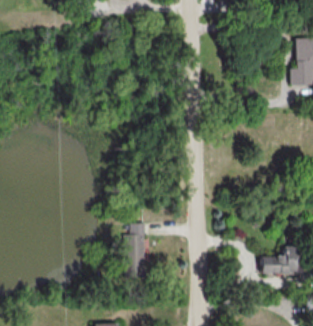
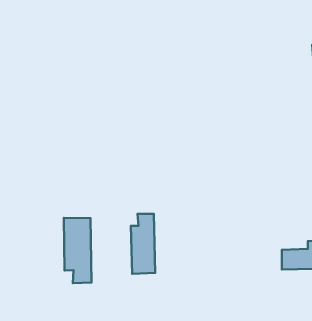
building: none -> [64,218,92,283]

